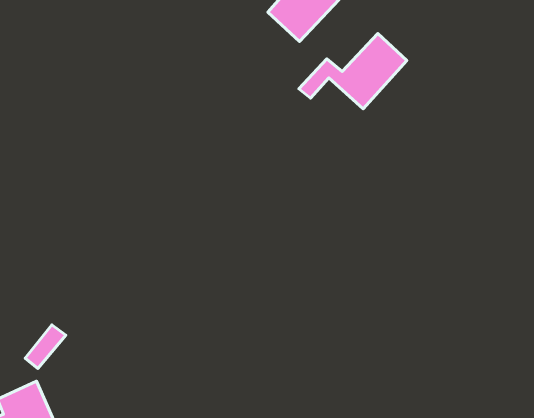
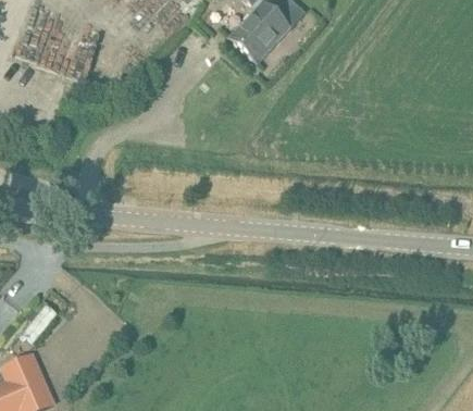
building: [299,34,407,109] -> none

